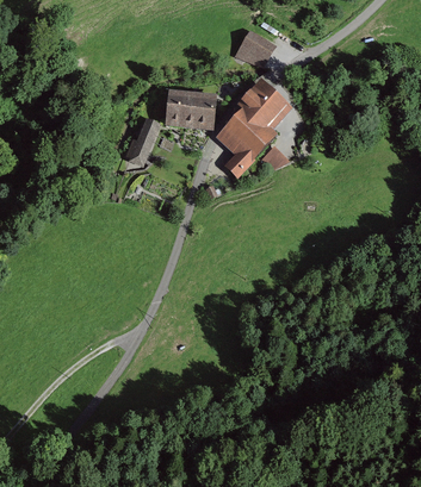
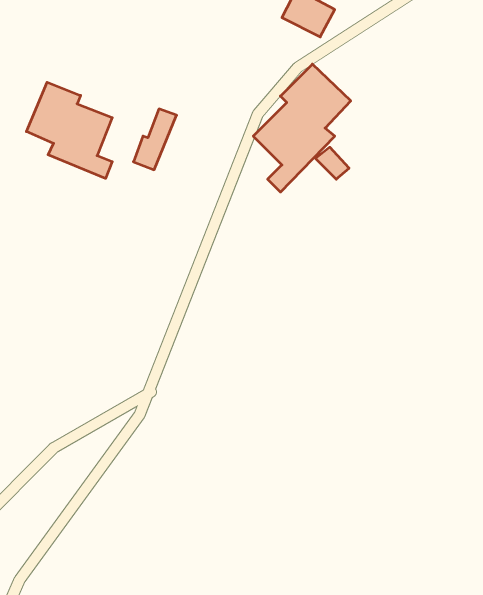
building: [166,90,215,129] -> none
building: none -> [26,82,112,178]

